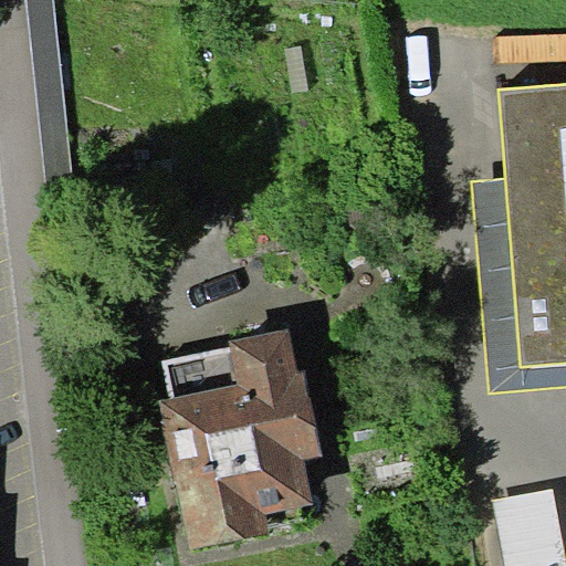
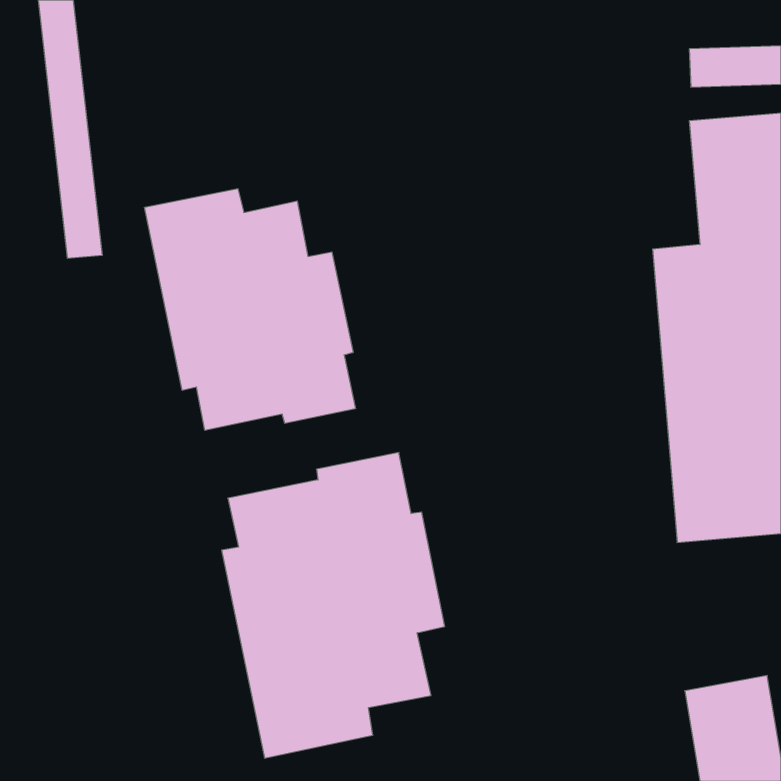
building: none -> [145,189,355,430]

